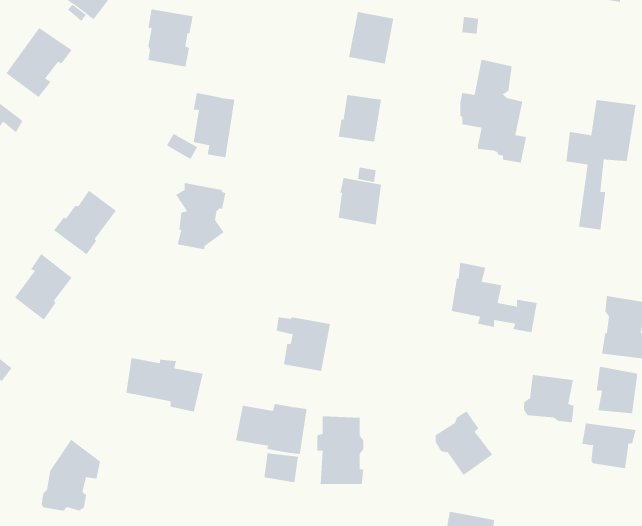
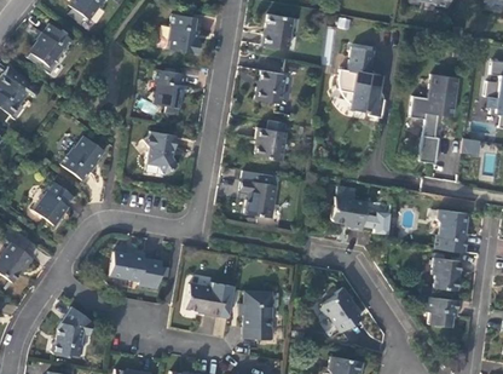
building: [147,9,193,67] -> [170,13,202,53]
building: [276,317,331,372] -> [241,180,278,218]
building: [523,374,574,423] -> none

